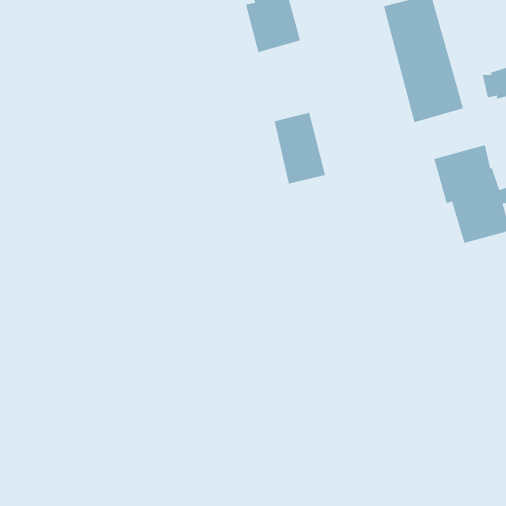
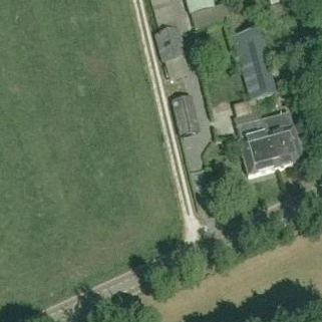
building: none -> [237,118,277,174]

